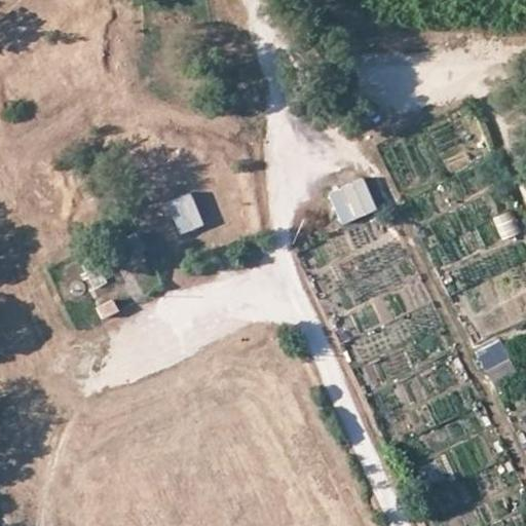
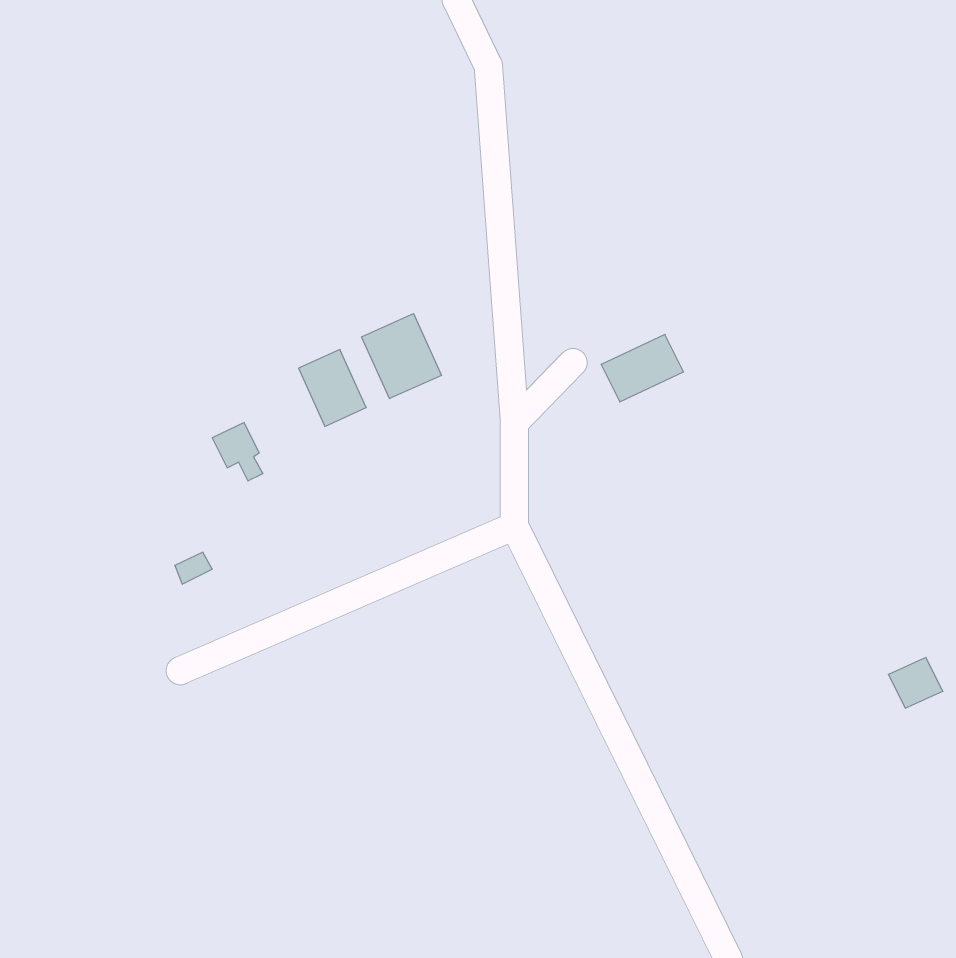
building: none -> [362,314,441,399]

